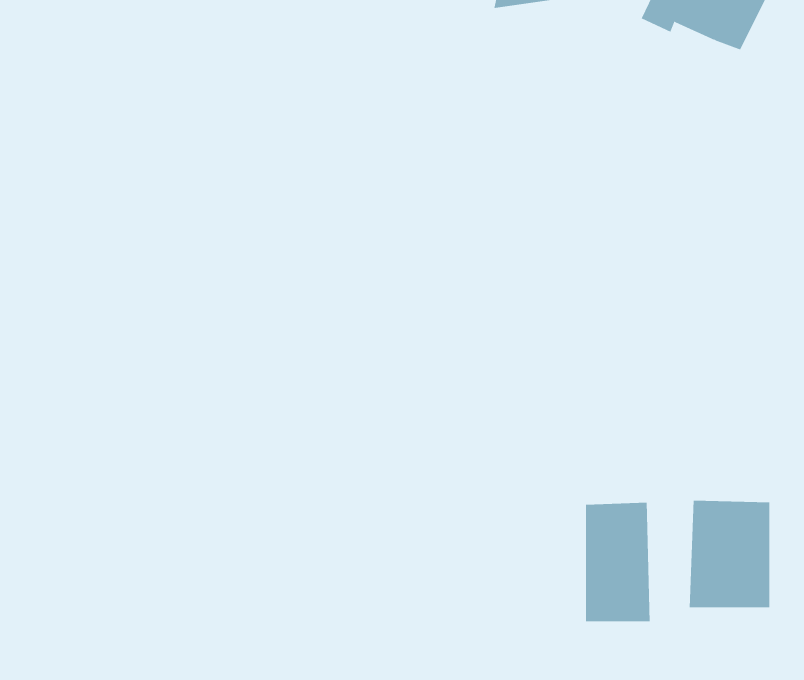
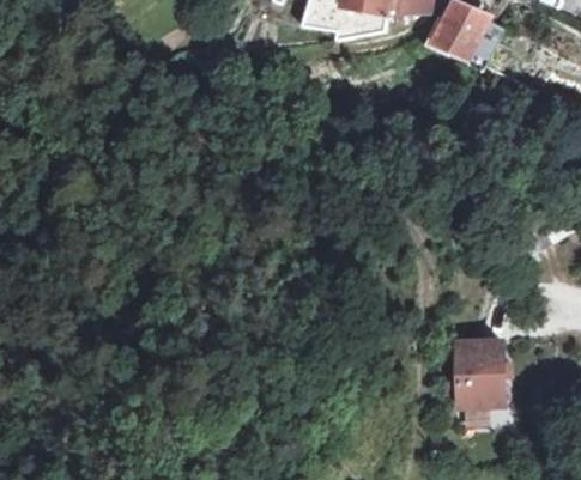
building: [585,502,650,622] -> none

